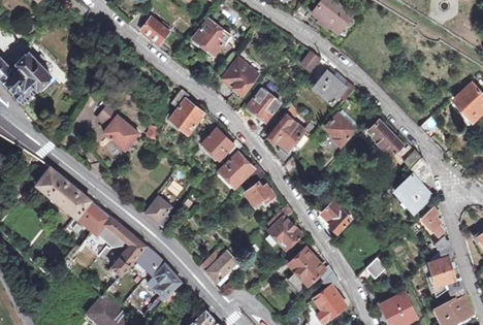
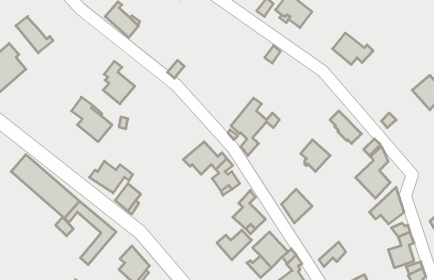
building: [190,21,226,55] -> none
building: none -> [16,16,53,53]
building: [220,60,256,96] -> none
building: [312,69,354,102] -> [332,33,373,65]
building: [169,89,202,133] -> [103,61,135,104]
building: [245,90,278,137] -> none
building: [324,113,355,147] -> [301,140,330,172]
building: [201,128,242,160] -> none
building: none -> [89,161,133,193]
building: [133,247,162,274] -> none
building: [200,252,236,283] -> [217,230,252,260]

